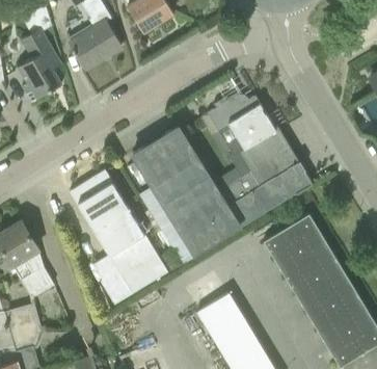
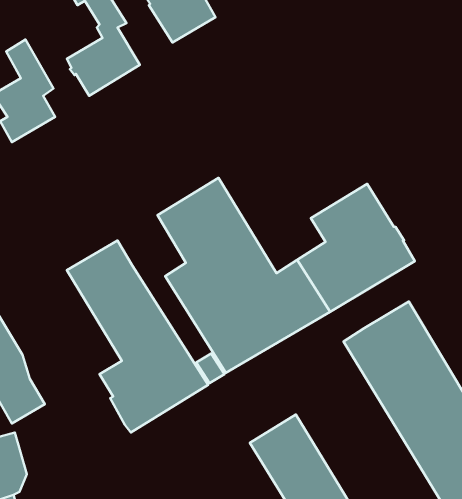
building: [207,91,279,156] -> none

